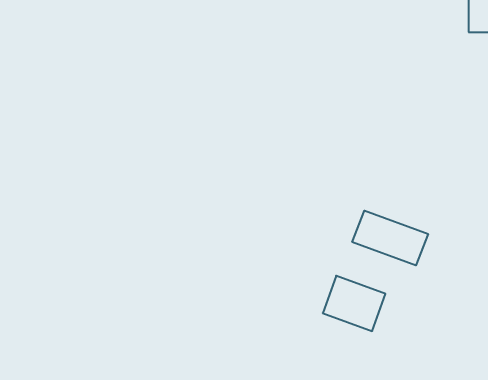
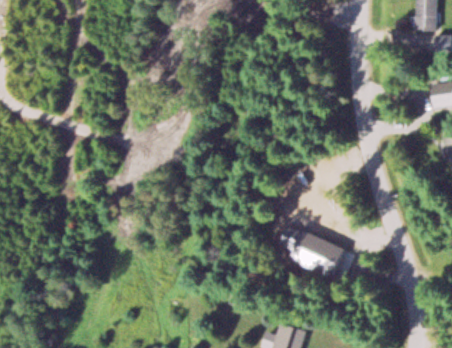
building: [352,211,428,265] -> none

